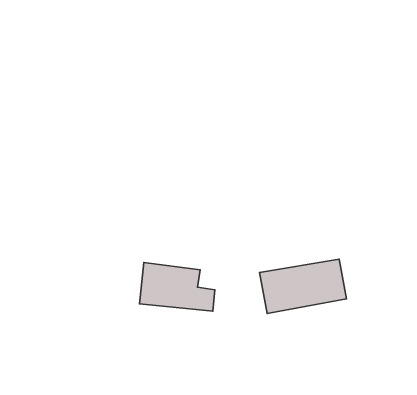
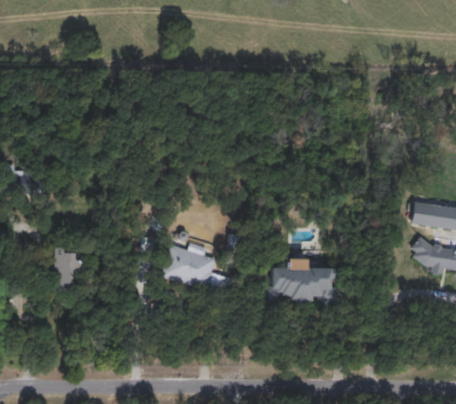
building: none -> [52,248,80,288]

